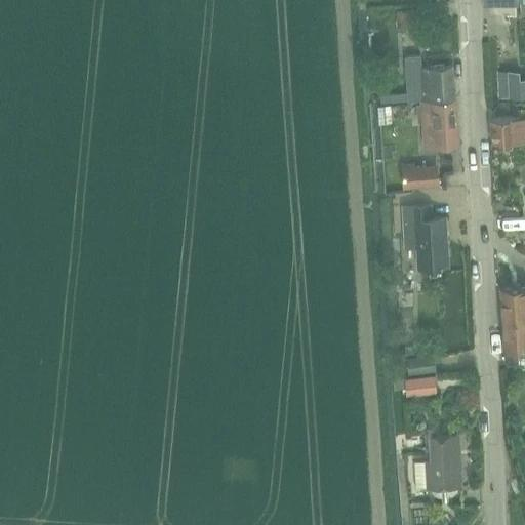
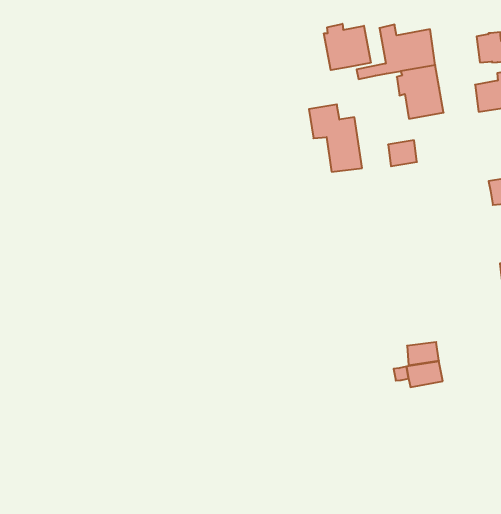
building: none -> [324,24,371,70]
building: [403,207,448,270] -> [309,104,362,172]
building: [416,436,461,489] -> none

